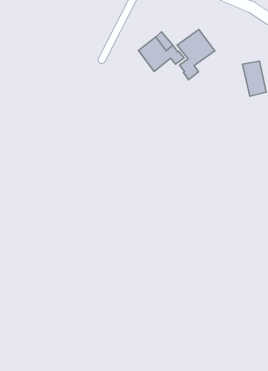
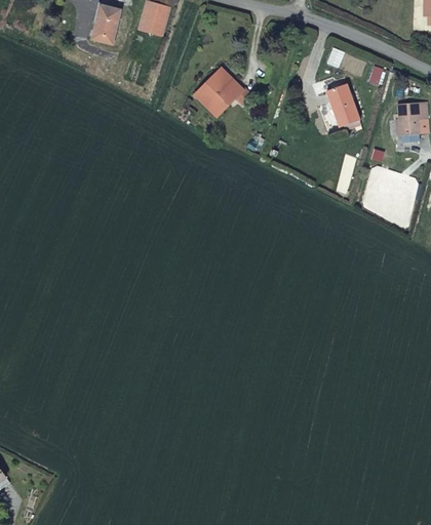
building: [177,30,215,80] -> none

